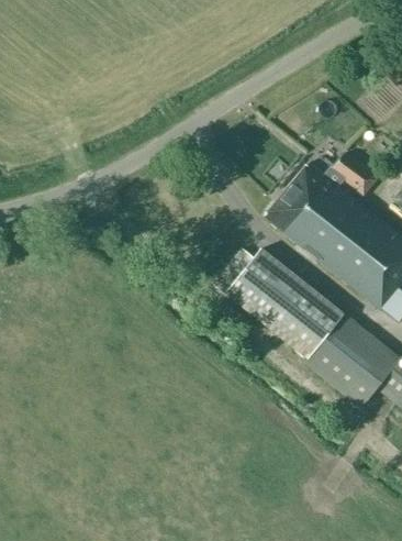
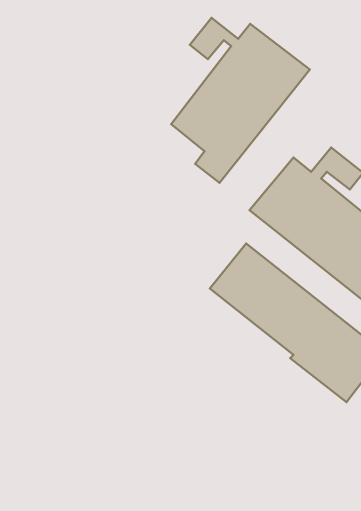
building: none -> [171,18,310,183]

